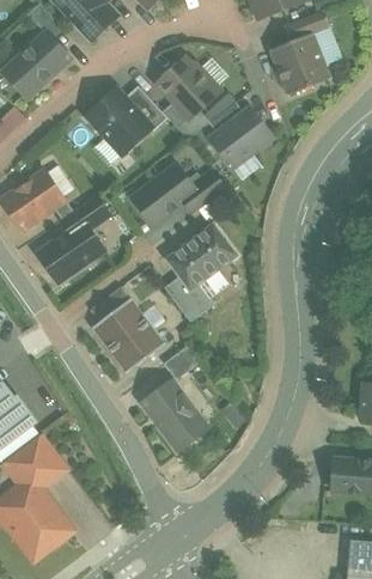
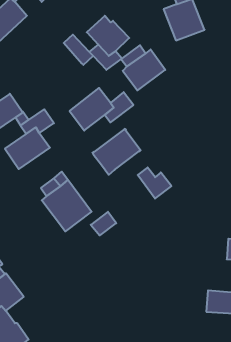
building: [87,90,150,153] -> none
building: [164,276,213,322] -> [138,167,171,199]
building: [141,380,206,450] -> none

